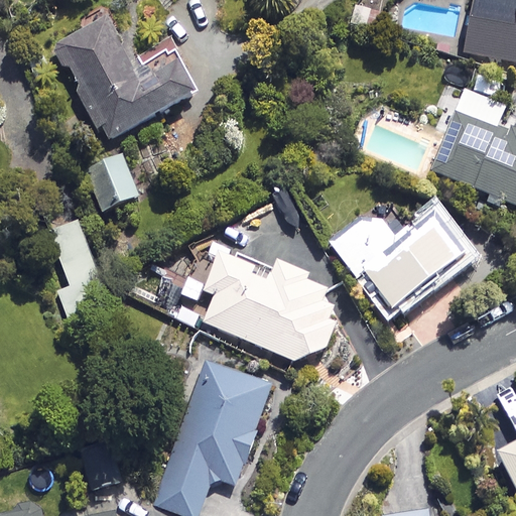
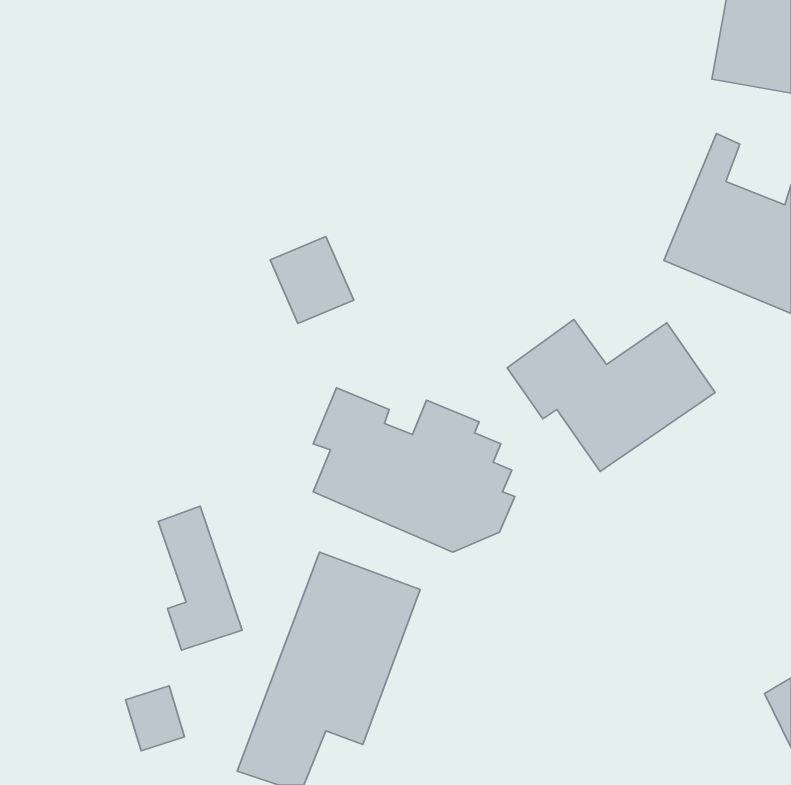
building: [54,17,195,139] -> none
building: [85,153,139,210] -> [270,237,354,324]
building: [52,222,107,315] -> [158,506,242,650]

